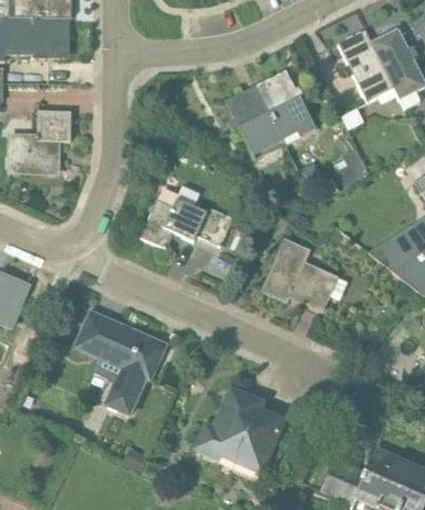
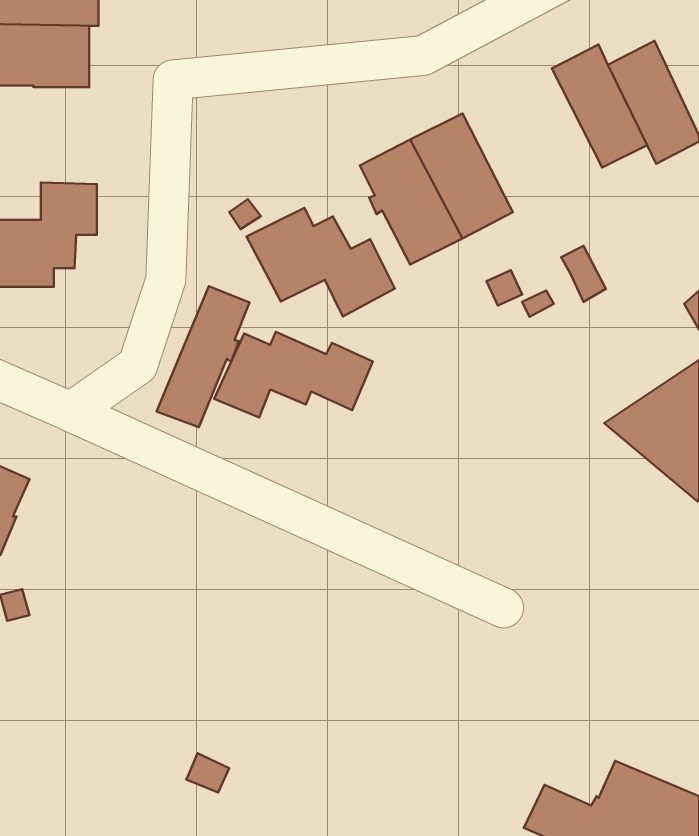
building: none -> [247,208,395,316]
building: none -> [157,286,249,427]
building: [262,237,337,310] -> none
building: [74,307,165,417] -> none
building: [194,387,283,472] -> none

